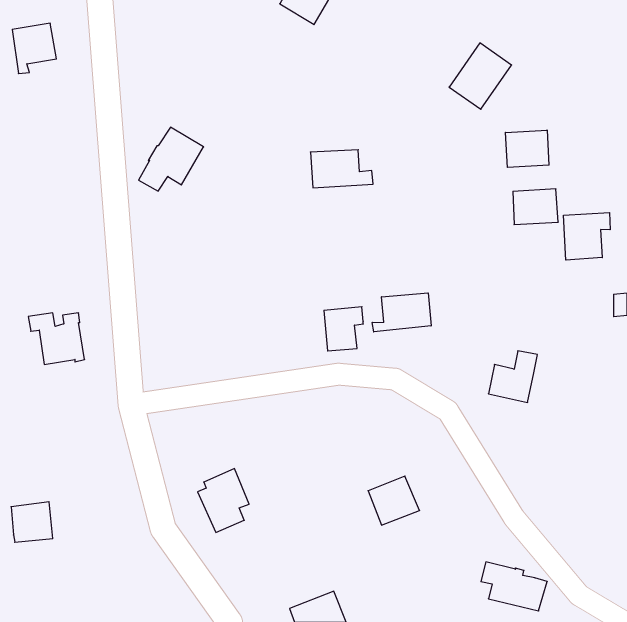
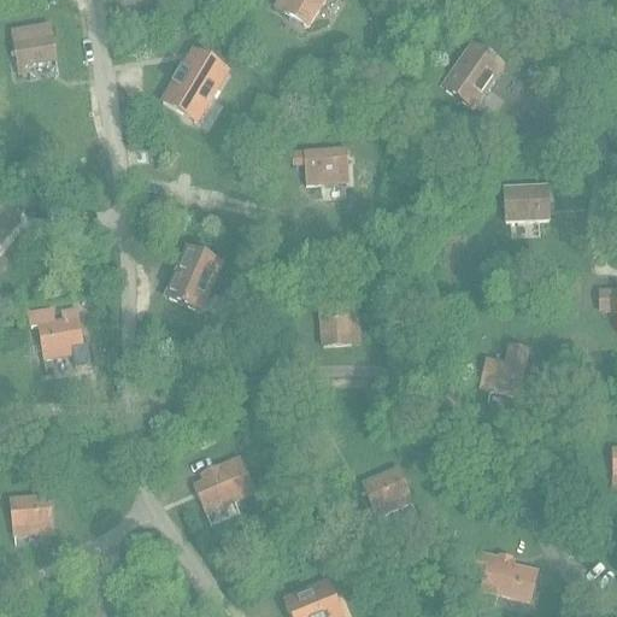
building: [139,127,204,191] -> [161,49,225,112]
building: [505,130,549,167] -> none
building: [564,213,610,260] -> none
building: none -> [166,241,228,307]
building: [372,293,431,332] -> none

